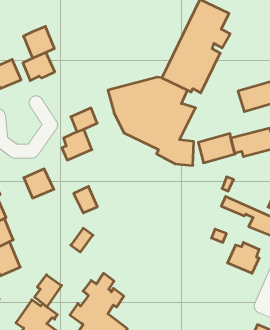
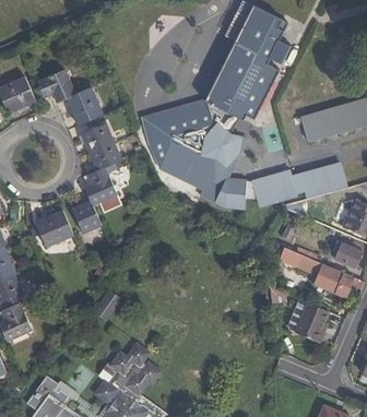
building: [23,26,54,58] -> [63,86,102,126]
building: none -> [86,120,119,148]
building: [74,186,97,213] -> [71,202,100,235]
building: [35,275,62,307] -> none

